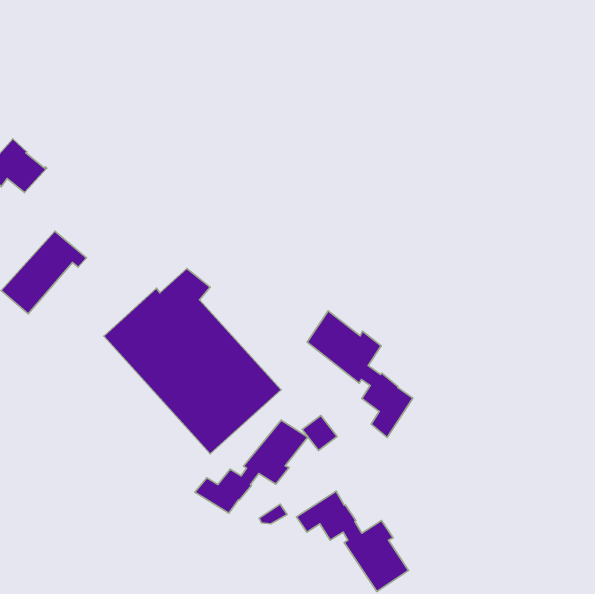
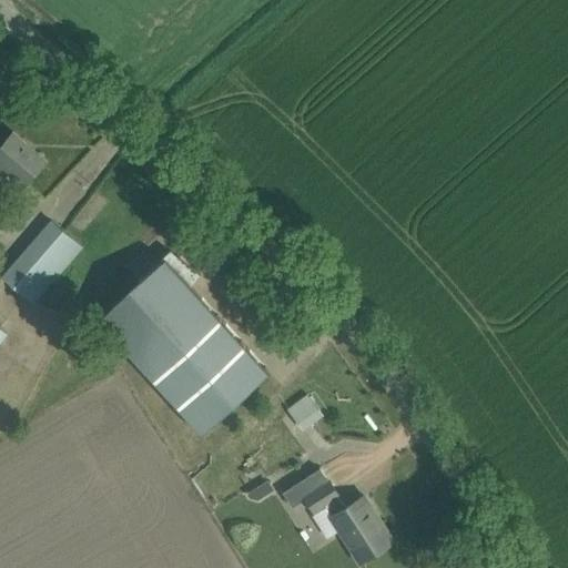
building: [307,311,413,437] -> none
building: [195,420,308,513] -> none

